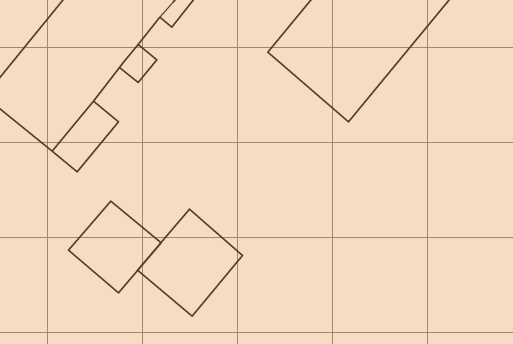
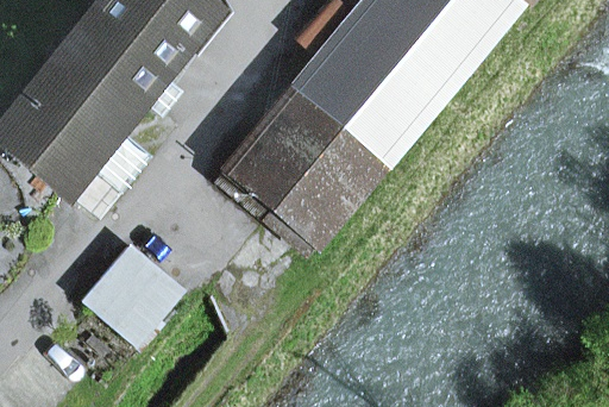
building: none -> [232,83,388,253]
building: [138,209,243,316] -> none

